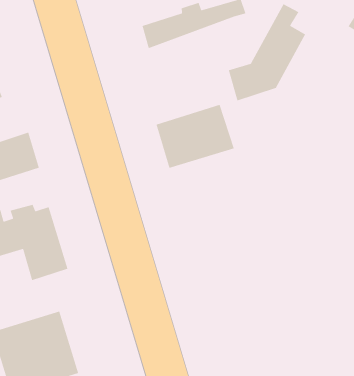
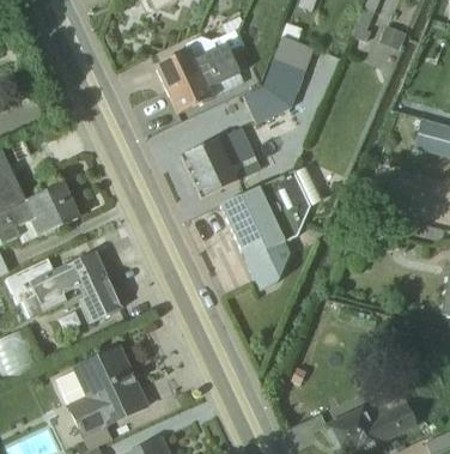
building: none -> [165,42,255,111]
building: none -> [221,164,321,287]

